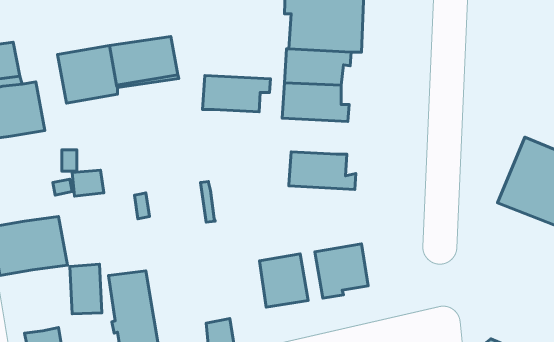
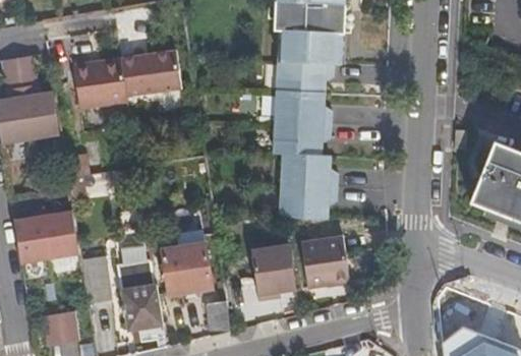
building: [202,76,271,112] -> [272,125,333,158]
building: none -> [278,186,339,221]
building: none -> [160,230,209,294]

